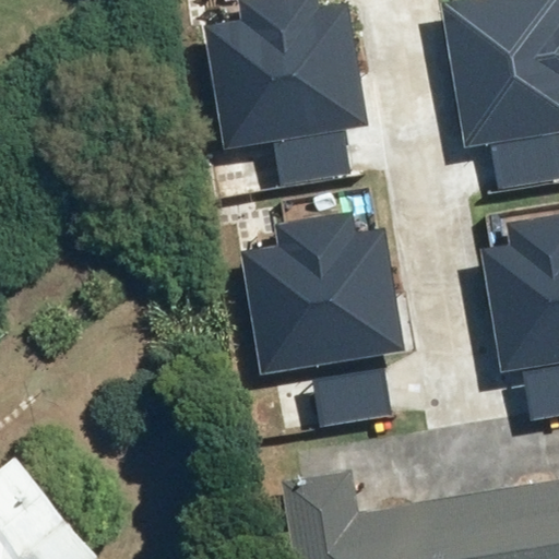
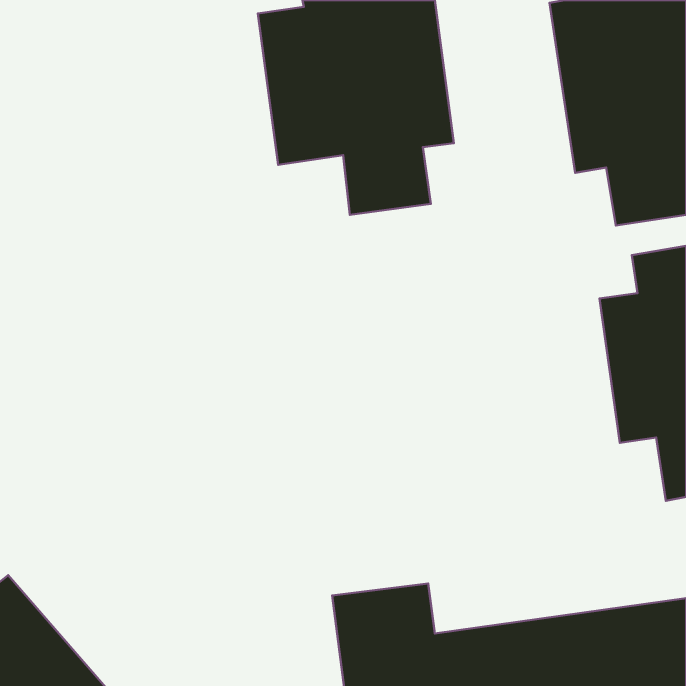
building: [250,214,408,405] -> none

